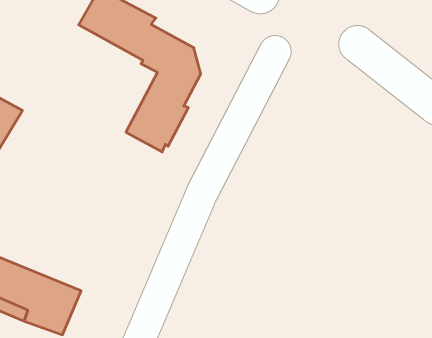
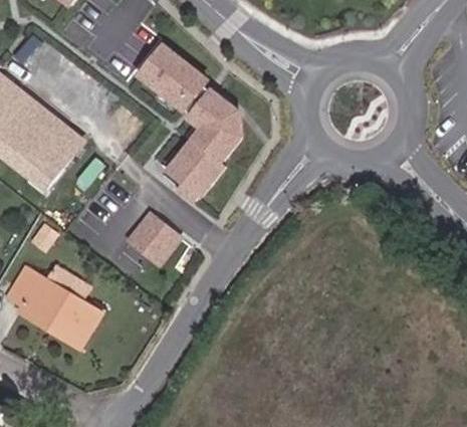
building: none -> [129,213,179,262]

